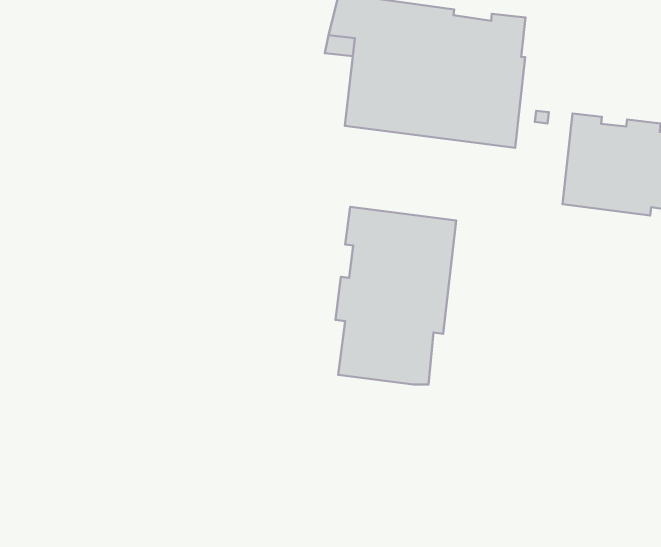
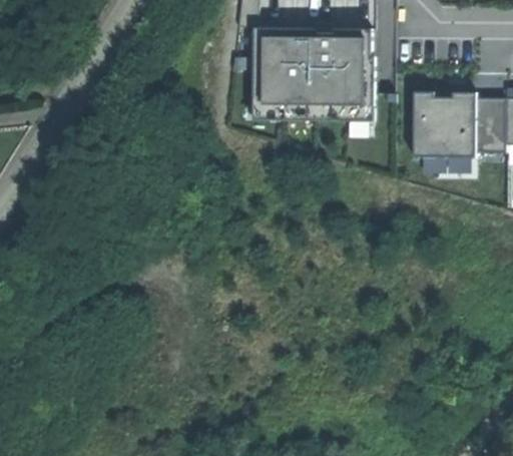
building: [335,207,456,385] -> none

